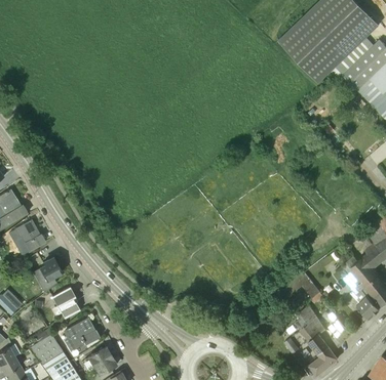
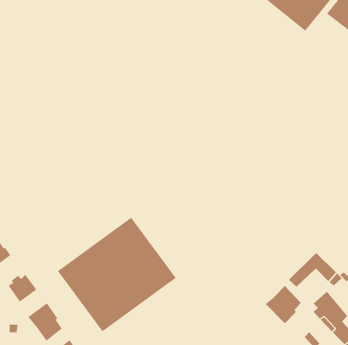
building: none -> [57,217,177,332]
building: none -> [265,285,302,324]

